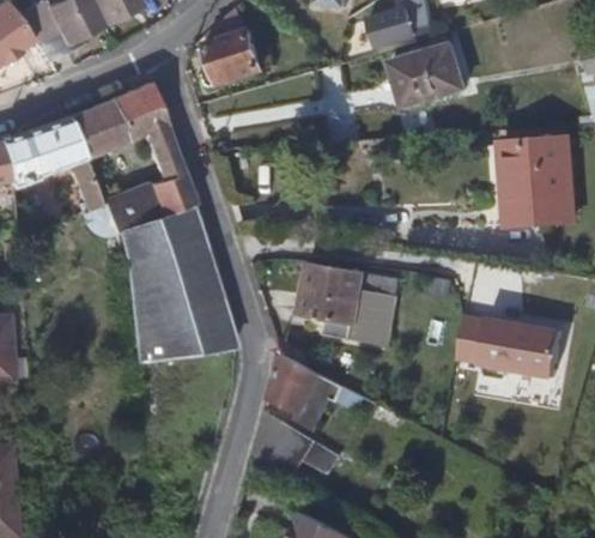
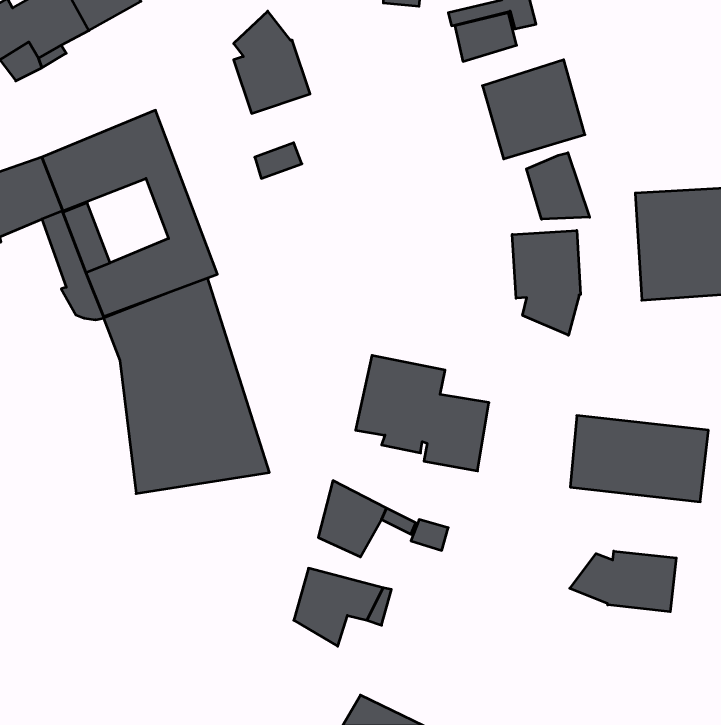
building: none -> [526,153,590,219]
building: none -> [512,230,581,335]
building: none -> [570,551,676,612]

